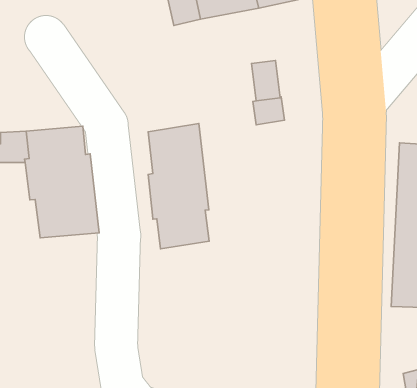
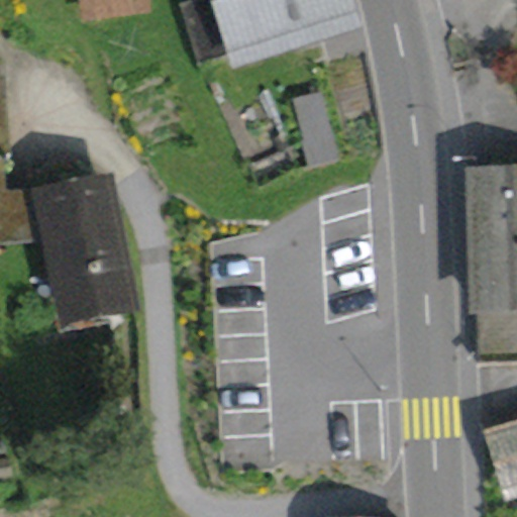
building: [148,123,209,249] -> none

